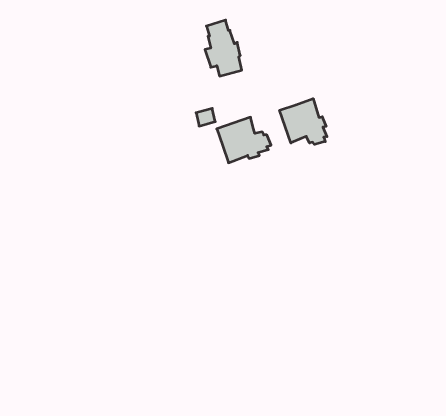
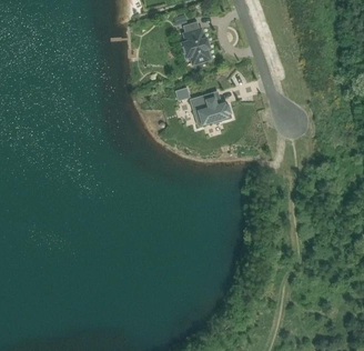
building: [280,99,327,144] -> none

